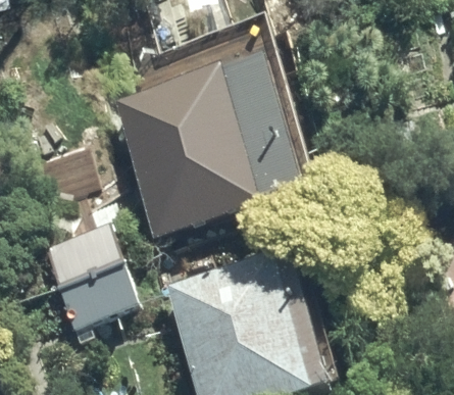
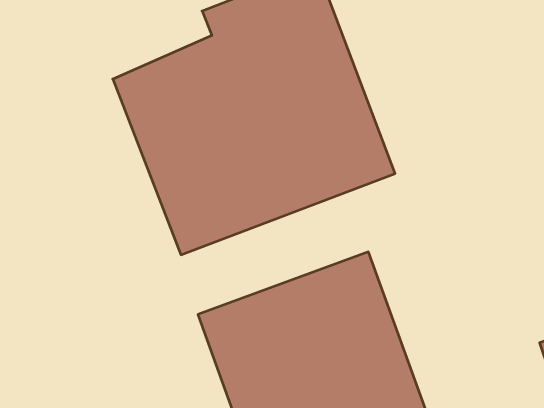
building: [40,220,145,331] -> none

